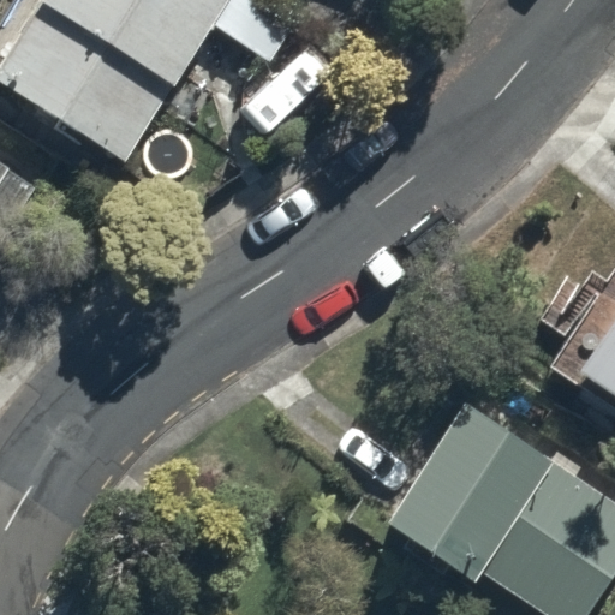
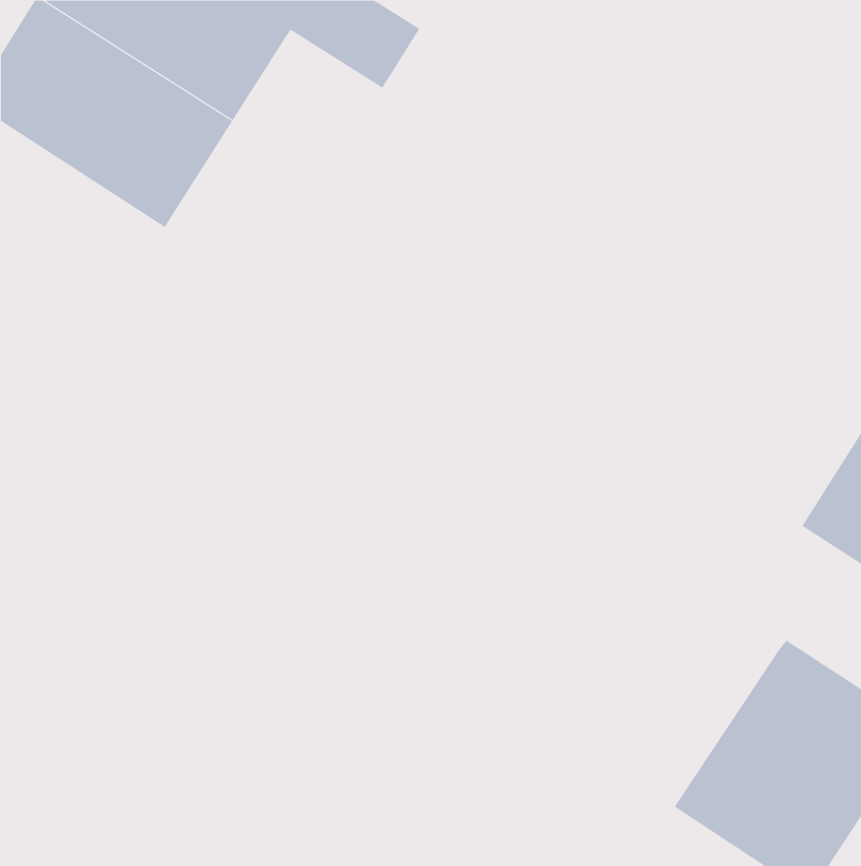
building: [384,399,556,580] -> none

